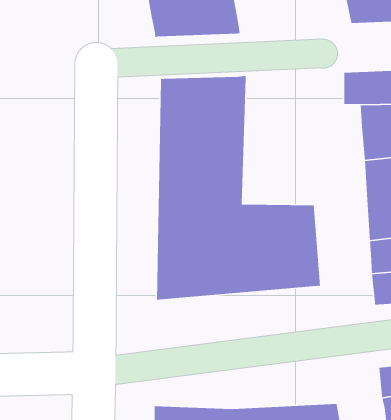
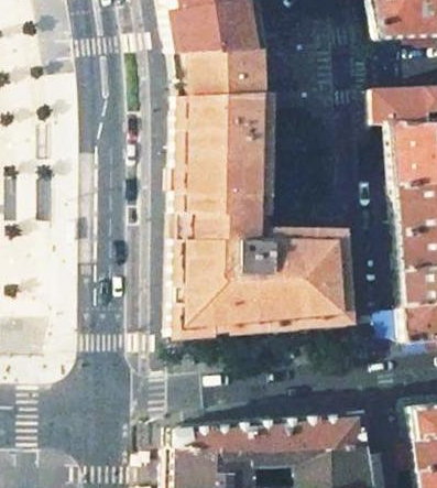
building: none -> [176,51,261,98]
building: none -> [172,411,368,452]

